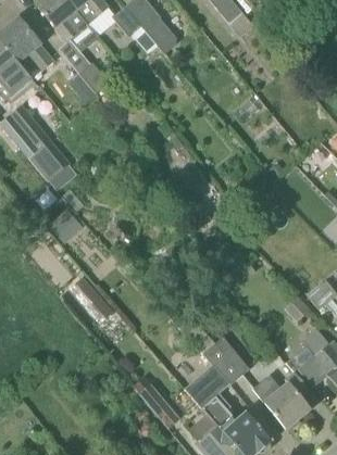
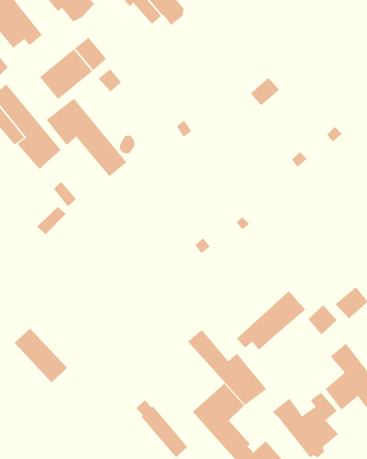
building: none -> [46,98,127,177]
building: [66,276,113,324] -> [14,328,68,383]
building: none -> [236,291,306,350]

